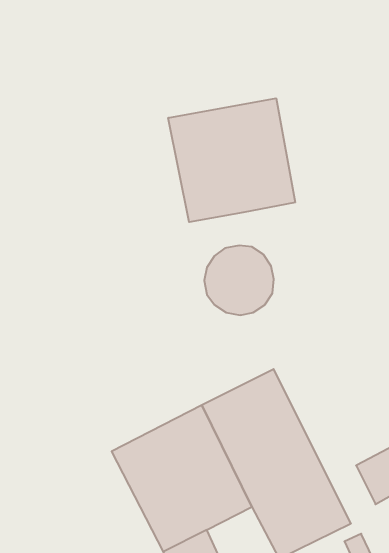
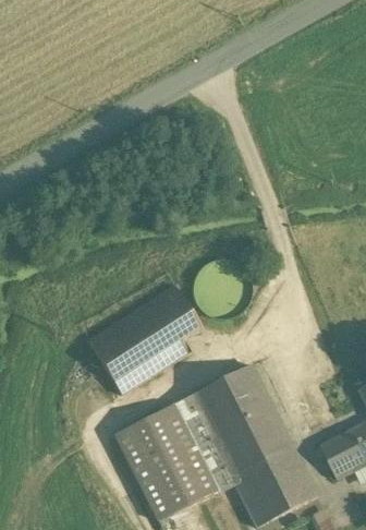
building: [168,98,295,222] -> none
building: none -> [87,285,202,394]

